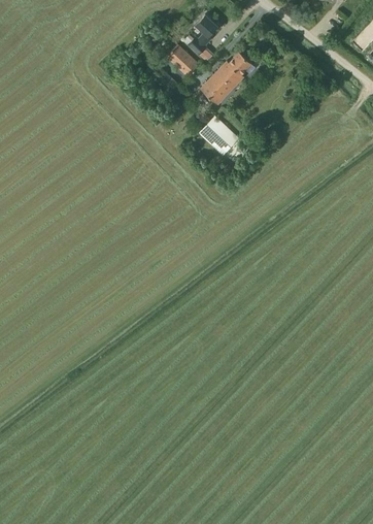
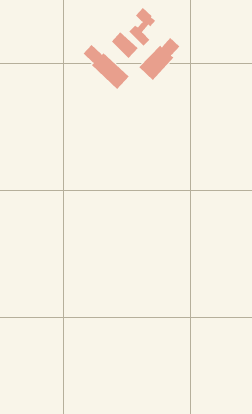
building: none -> [83,44,130,90]
building: [199,117,238,155] -> none

